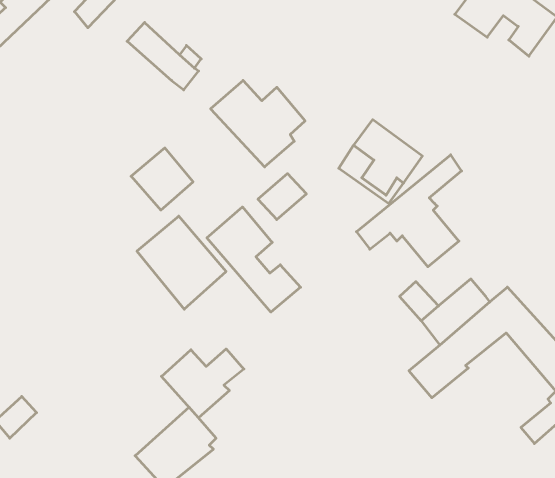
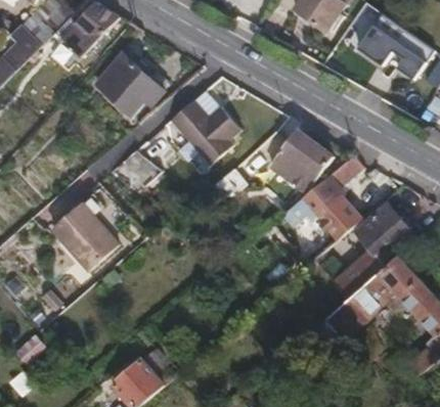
building: none -> [94,69,142,114]
building: [207,207,301,312] -> none
building: [137,216,226,309] -> [52,202,120,273]
building: none -> [355,205,412,262]
building: [161,349,244,418] -> none

